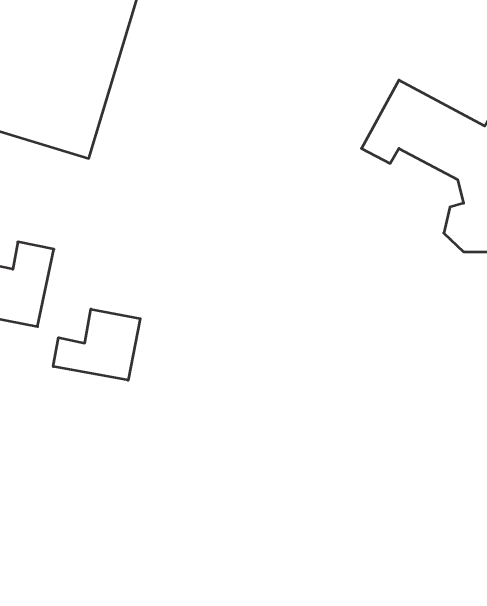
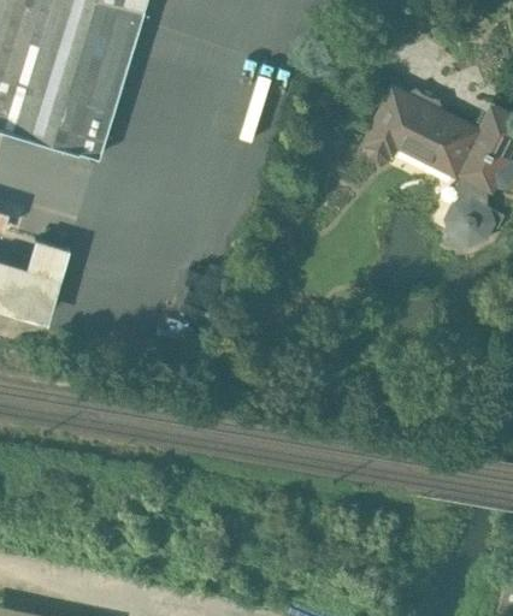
building: [53,309,140,380] -> none

